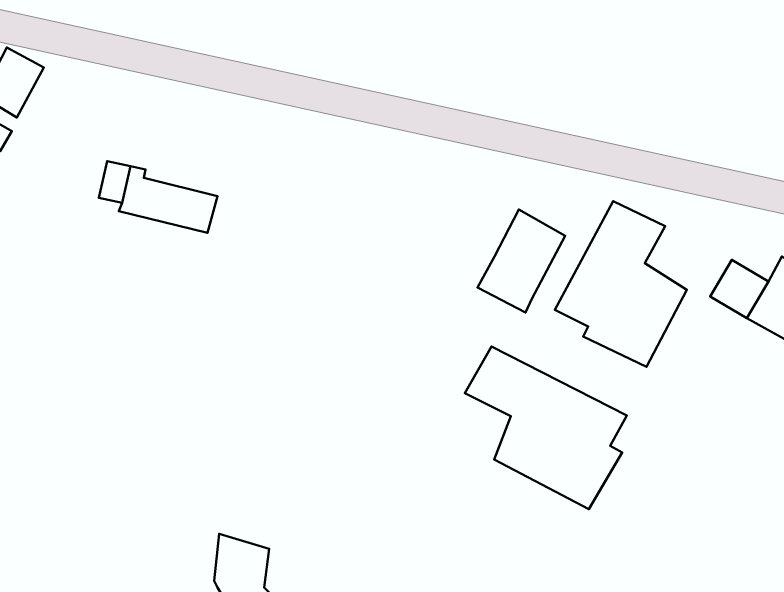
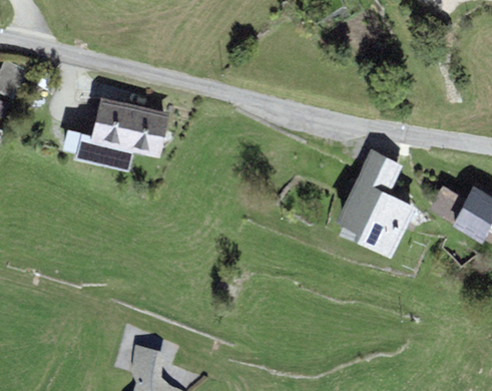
building: none -> [89,95,168,155]
building: [477,209,565,313] -> none
building: [465,346,627,509] -> none

